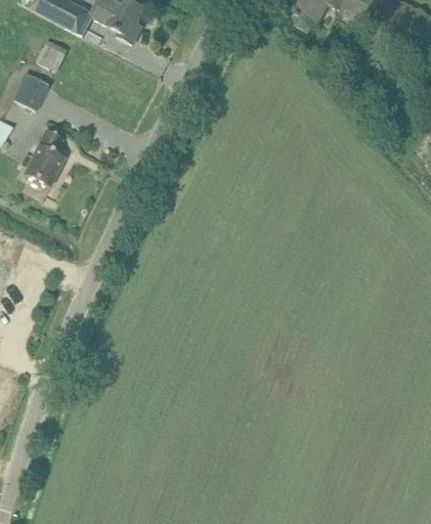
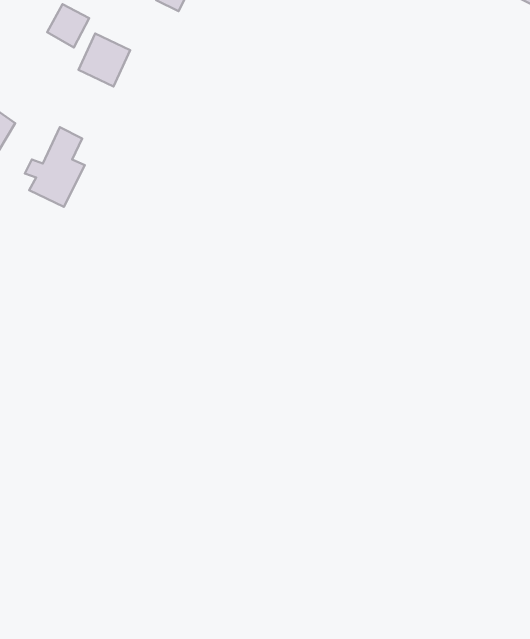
building: [14,69,52,107] -> [79,33,130,87]

